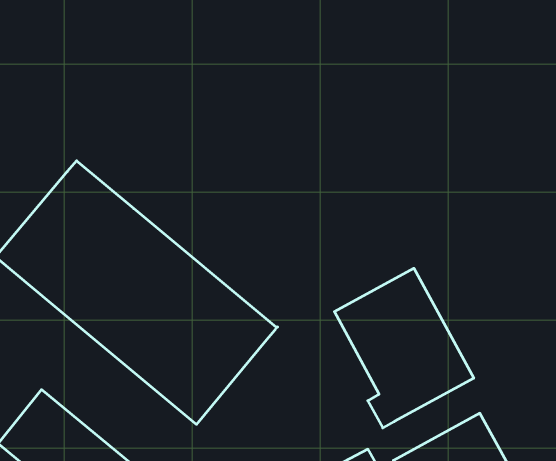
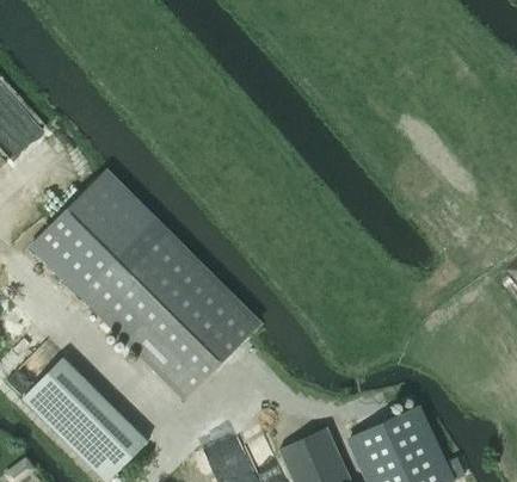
building: [334,268,474,428] -> none

